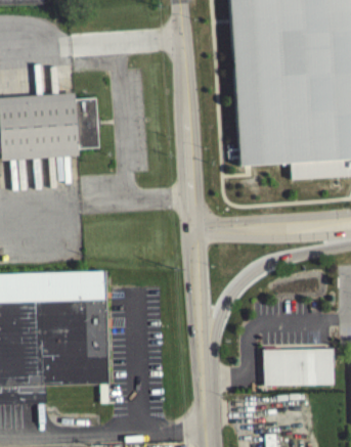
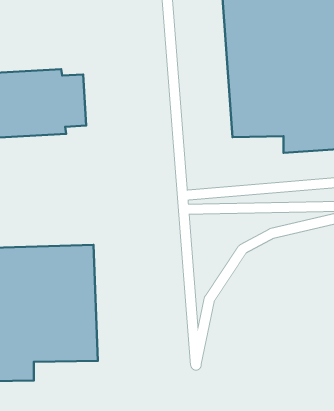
building: [263,353,334,390] -> none

